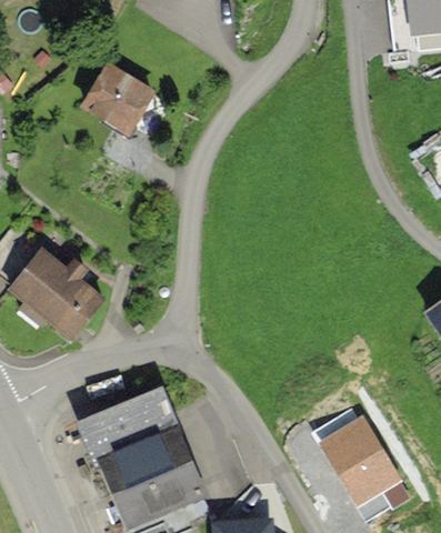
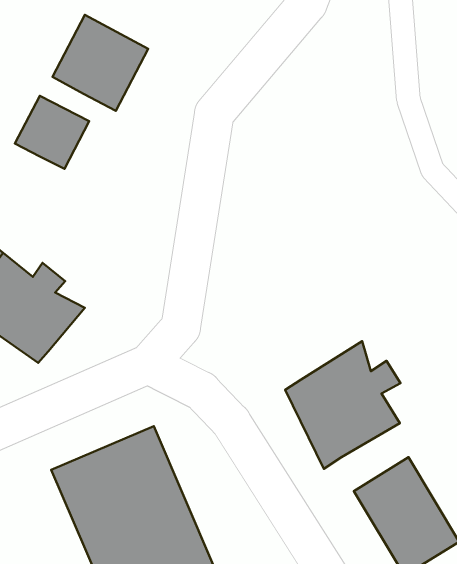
building: none -> [15,96,89,169]
building: none -> [285,341,401,469]

